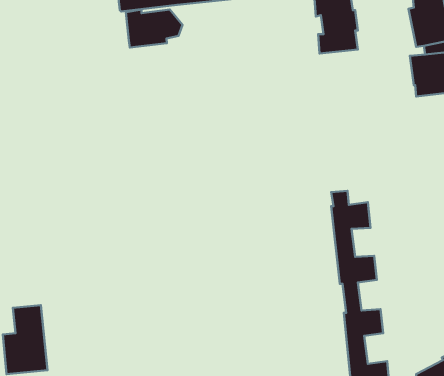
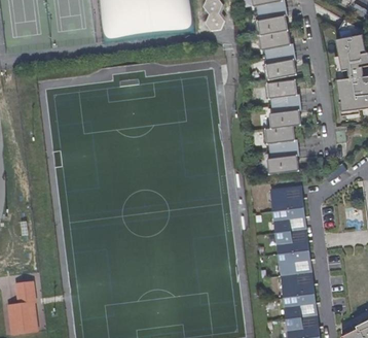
building: [126,9,183,48] -> none
building: none -> [260,77,299,173]

